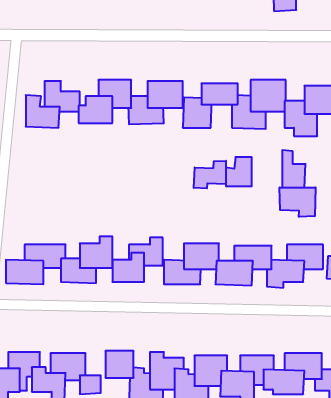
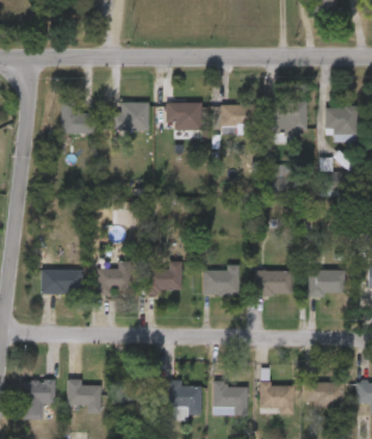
building: [194,161,226,188] -> none
building: [280,187,316,217] -> none

